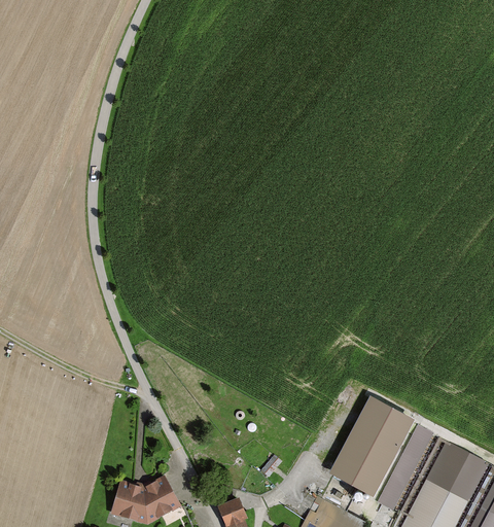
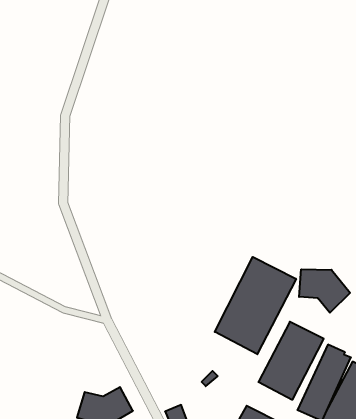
building: none -> [215,257,296,354]
building: none -> [299,269,350,313]

